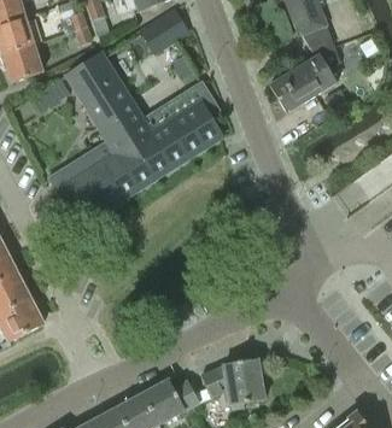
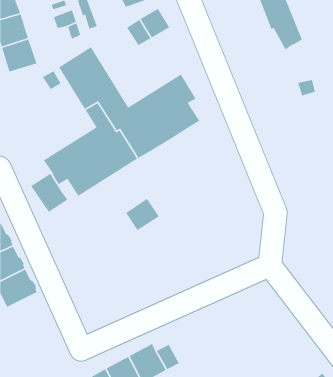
building: [270,46,341,113] -> none
building: none -> [30,173,69,213]
building: none -> [125,198,160,231]
building: [201,359,267,405] -> none

